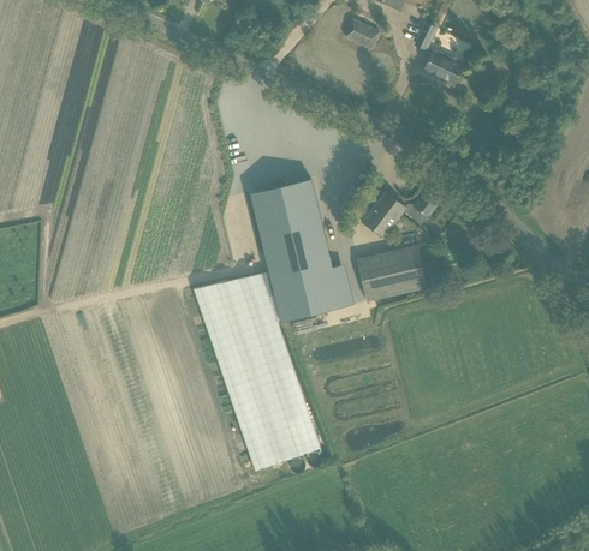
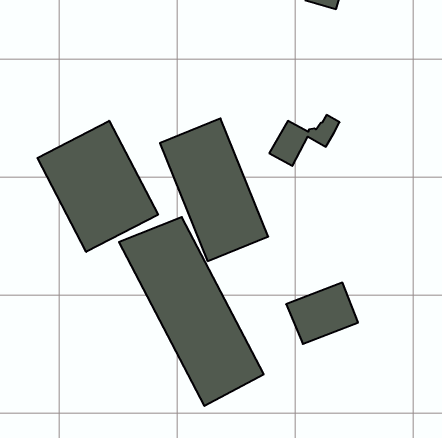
building: none -> [37,121,158,252]
building: [355,244,426,300] -> [286,283,358,344]

